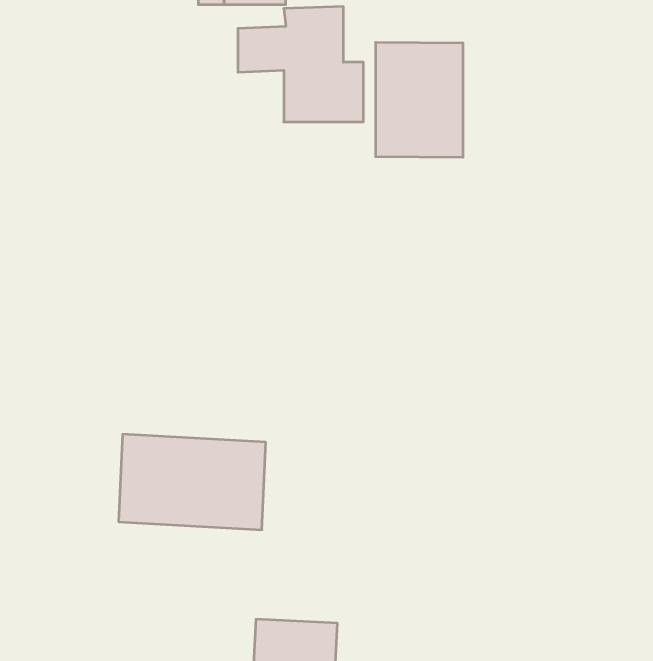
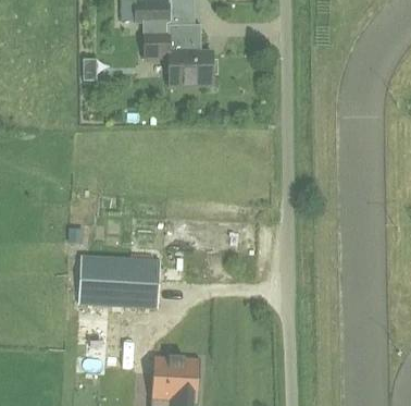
building: [376,42,463,157] -> none

